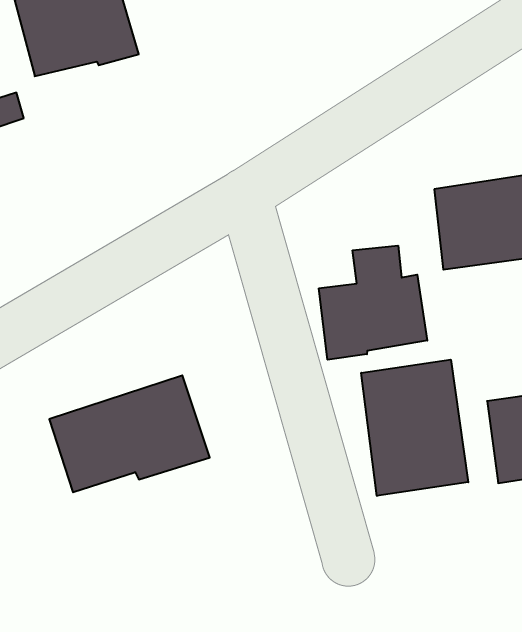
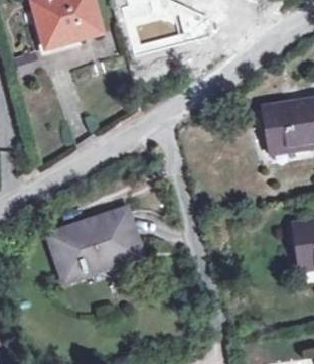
building: [319,246,427,360] -> none
building: [361,360,468,496] -> none

